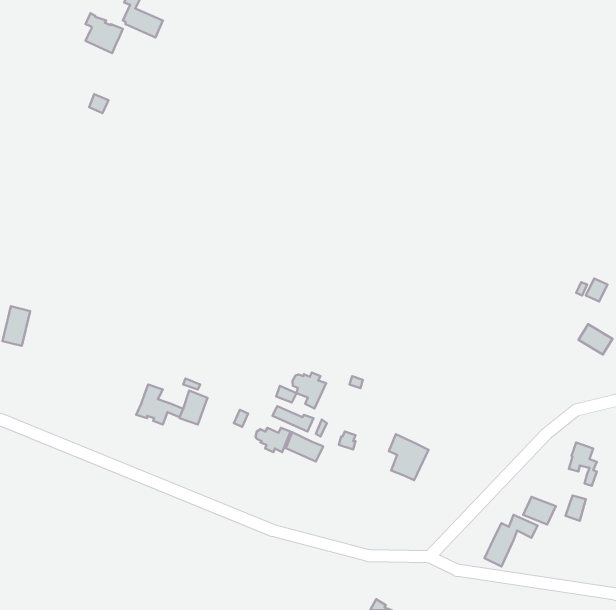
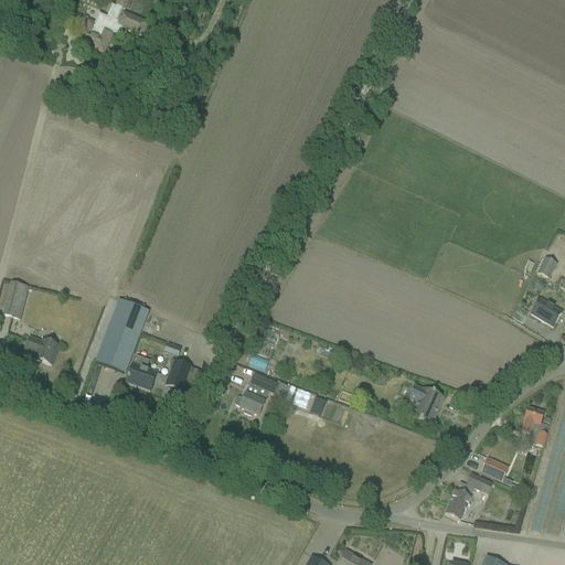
building: none -> [95,297,148,371]
building: none -> [23,334,58,362]
building: [292,373,326,409] -> none
building: [286,432,323,462] -> none
building: [389,434,429,480] -> [407,381,444,423]

